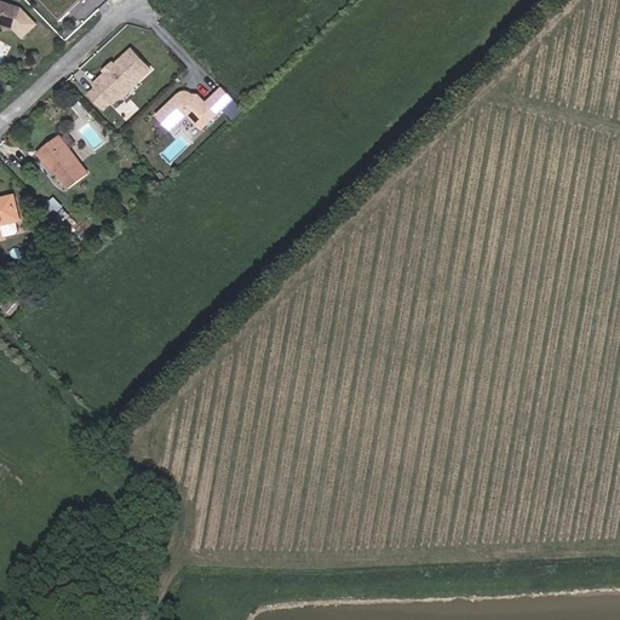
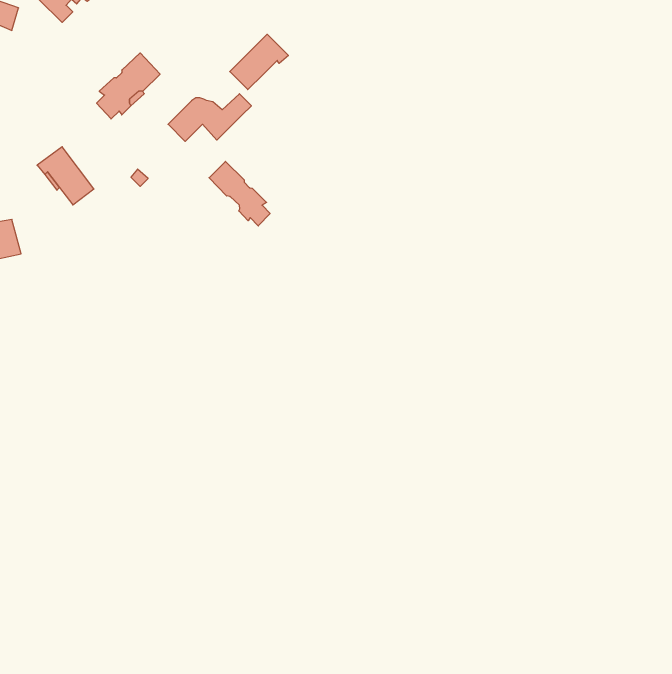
building: none -> [230,34,288,90]
building: none -> [209,161,270,226]

